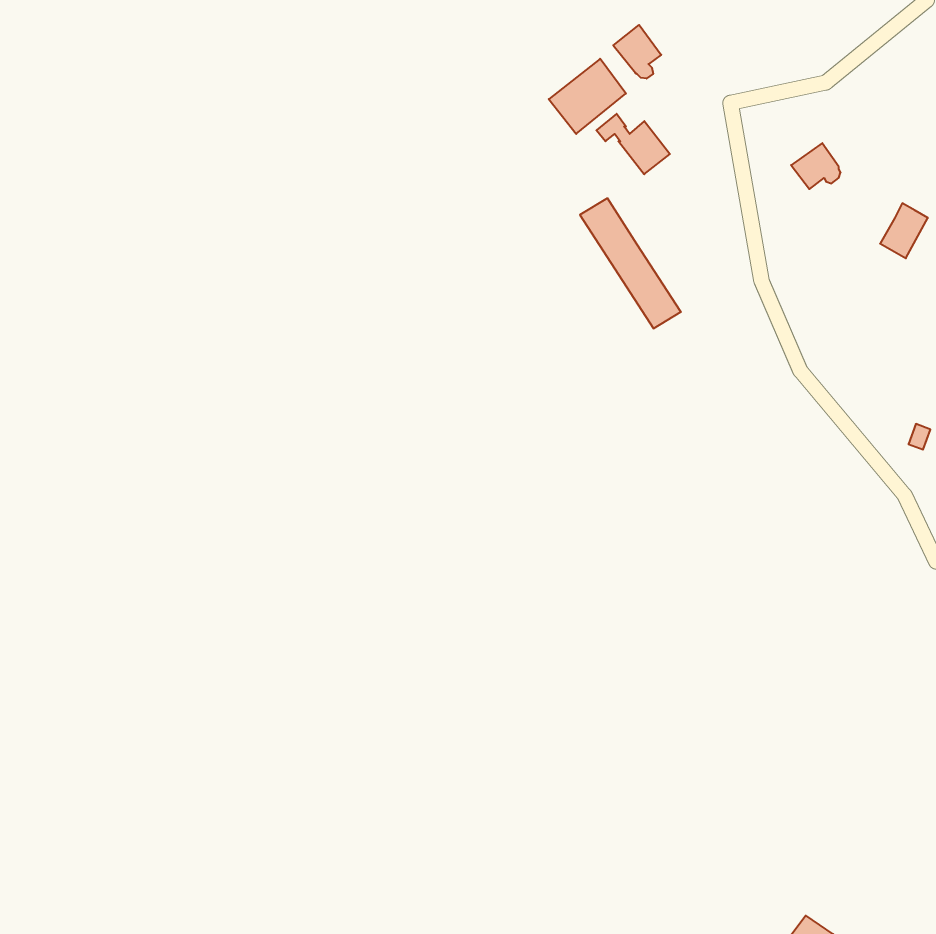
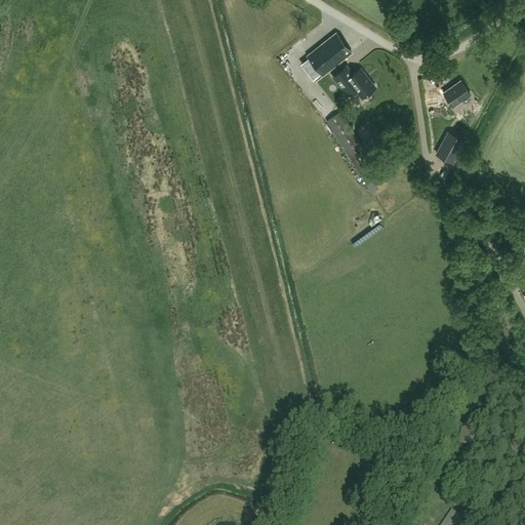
building: [613,25,661,79] -> none
building: [880,203,928,258] -> [436,133,462,164]

